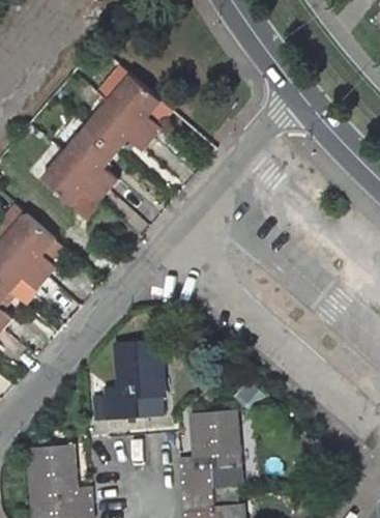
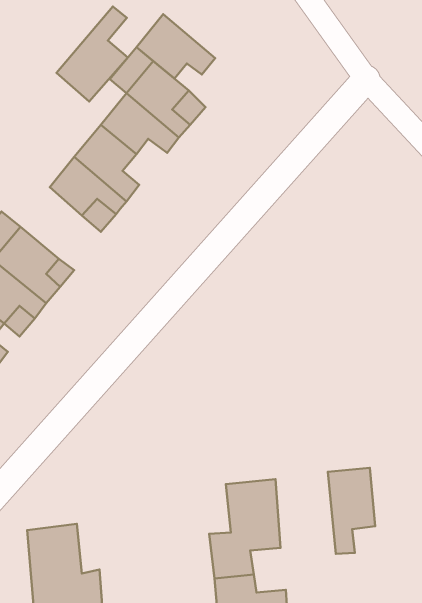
building: none -> [56,7,128,101]
building: none -> [137,14,215,78]
building: [98,347,156,426] -> none
building: none -> [328,468,375,554]

